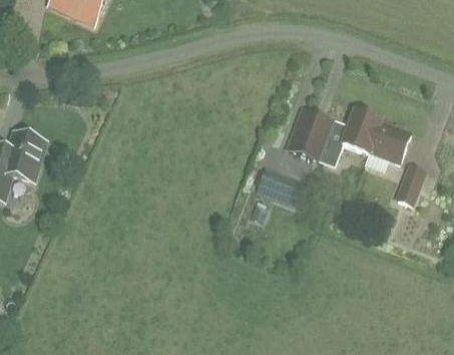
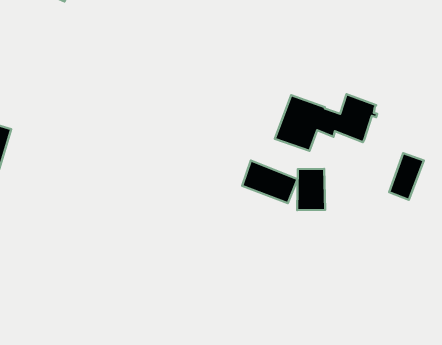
building: [370,120,411,161] -> none
building: none -> [297,169,325,210]

